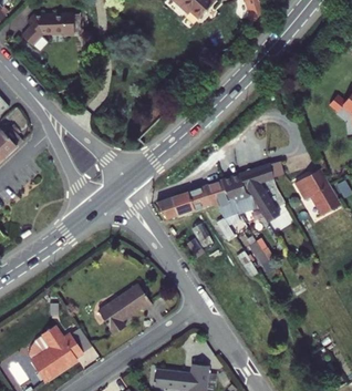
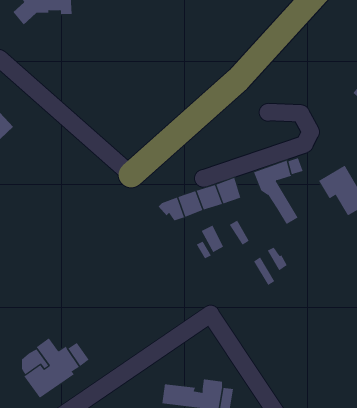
building: [221,176,259,218] -> none
building: [96,284,149,333] -> none

